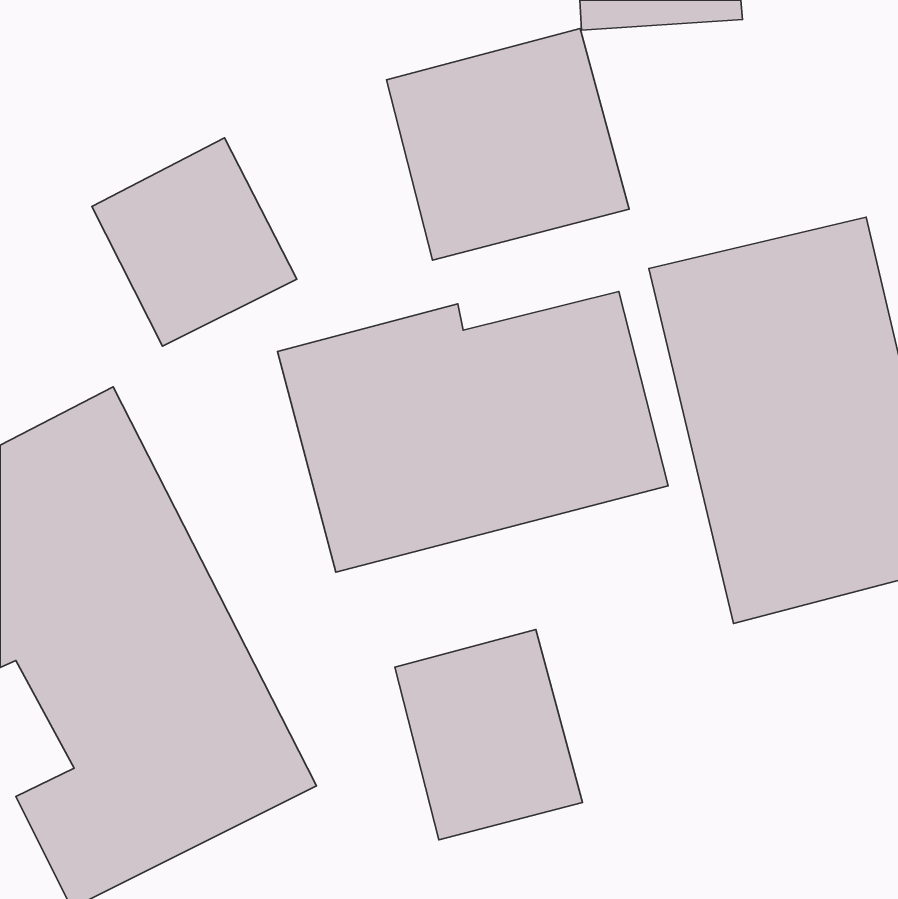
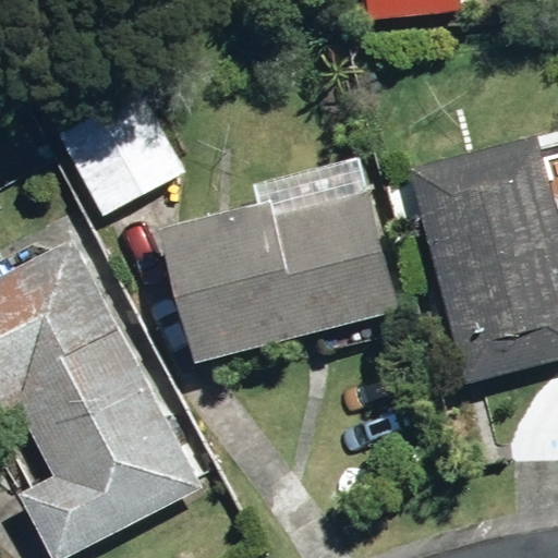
building: [387,29,629,260] -> none
building: [395,630,582,840] -> none

